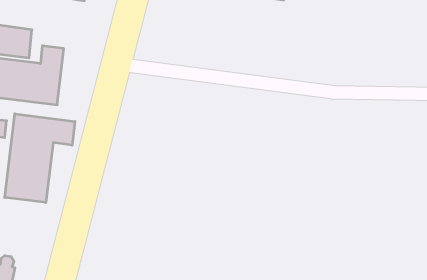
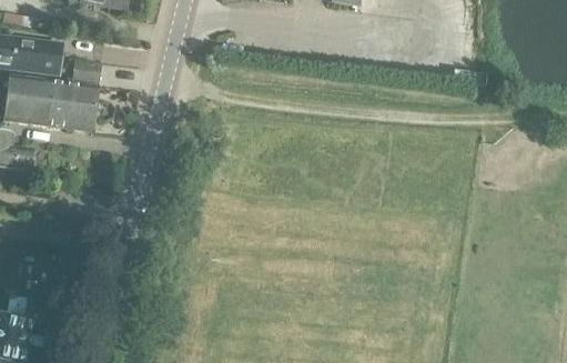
building: [5,114,75,203] -> none

